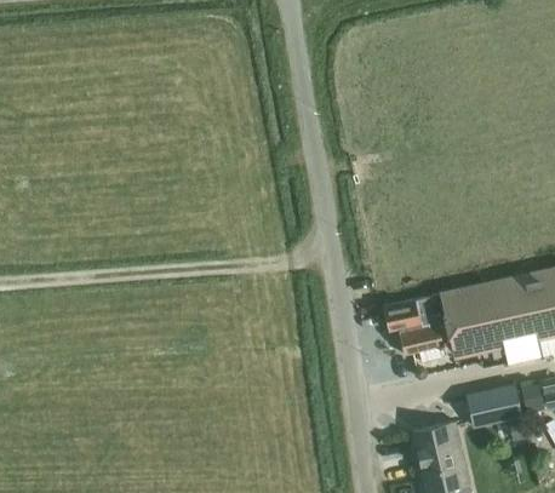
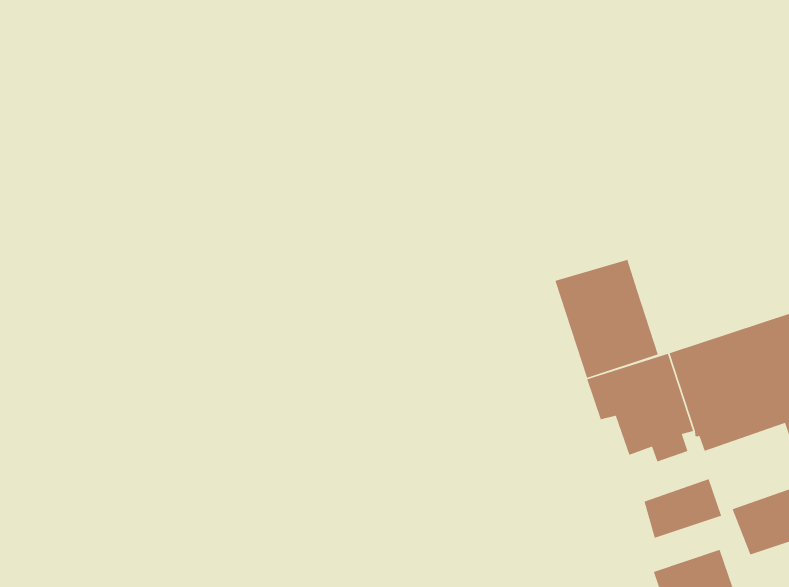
building: none -> [554,259,659,379]
building: none -> [644,478,722,539]

